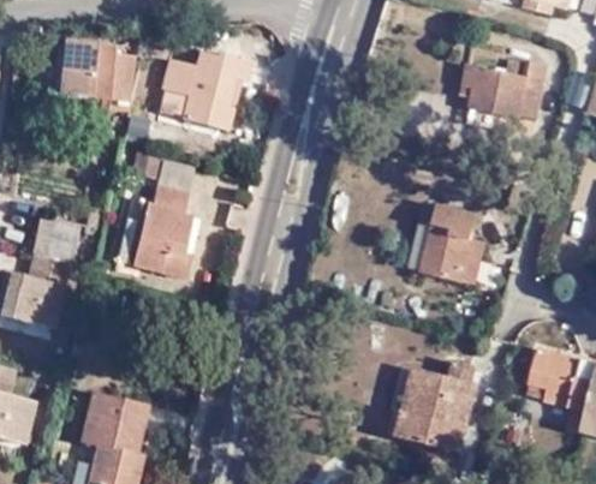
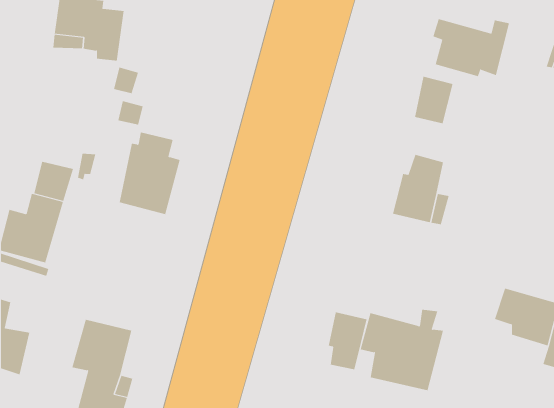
building: [157,48,249,127] -> none
building: none -> [415,76,453,124]
building: [151,153,195,192] -> none
building: none -> [328,312,367,370]

